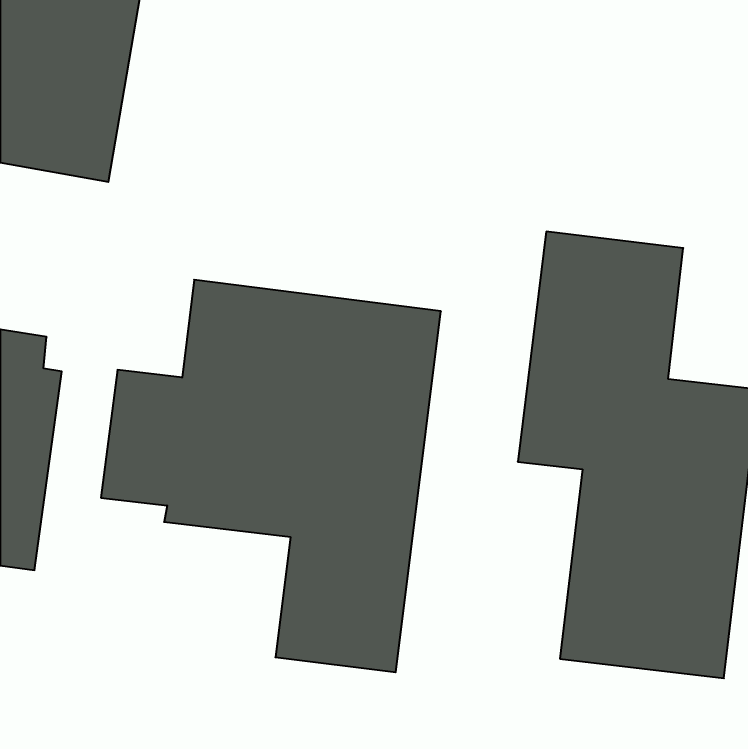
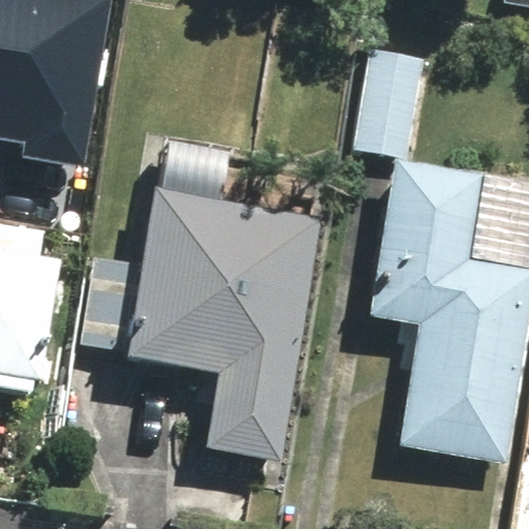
building: none -> [356,46,432,157]

